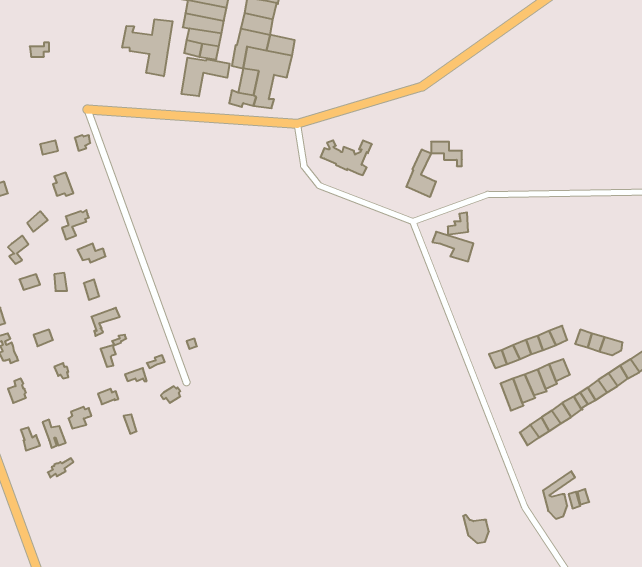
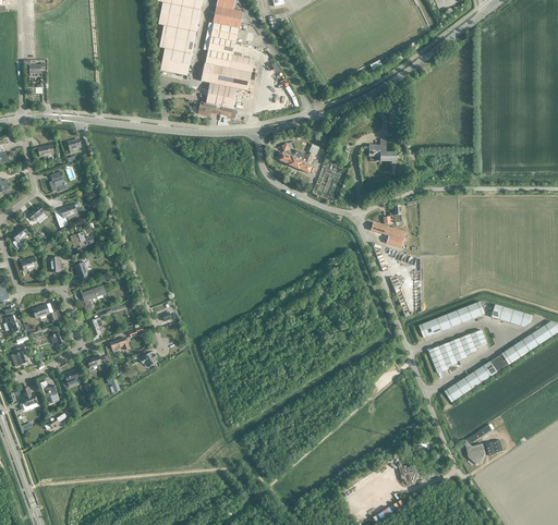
building: [122,19,173,76] -> none
building: [182,58,230,96] -> none
building: [406,149,436,197] -> none

